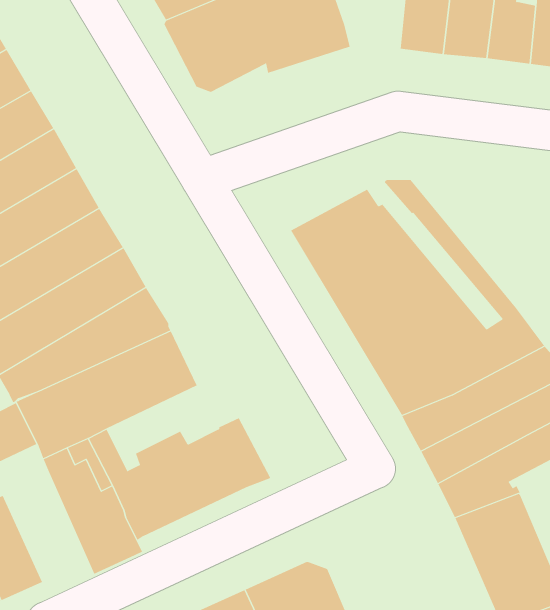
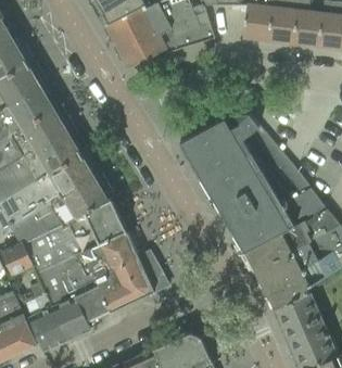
building: none -> [73,231,137,280]
building: none -> [22,281,65,350]

